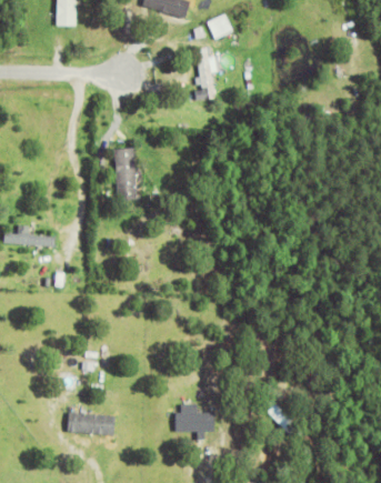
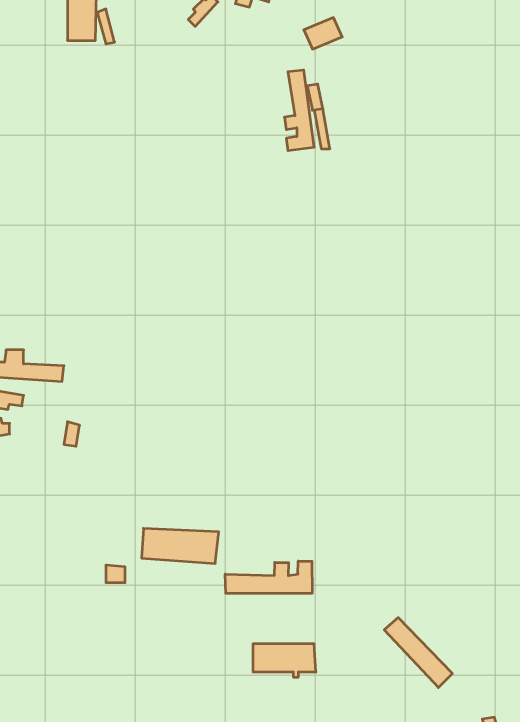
building: [123,151,146,202] -> none
building: none -> [225,561,312,593]
building: [67,413,116,435] -> [142,528,219,563]

